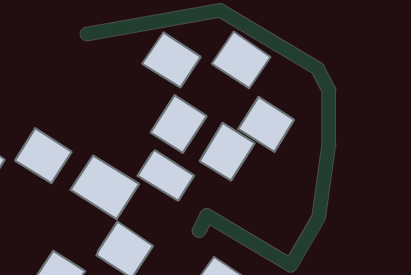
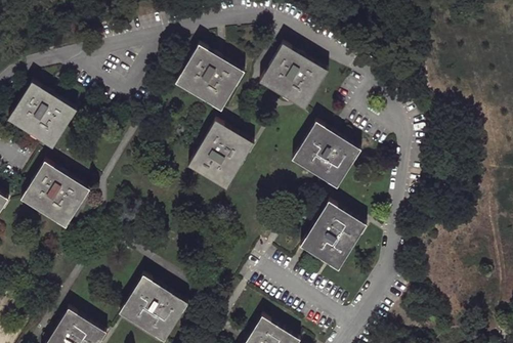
building: none -> [9,80,78,146]
building: [200,123,255,181] -> [300,201,367,270]
building: [137,150,194,201] -> none
building: [70,155,139,219] -> none

